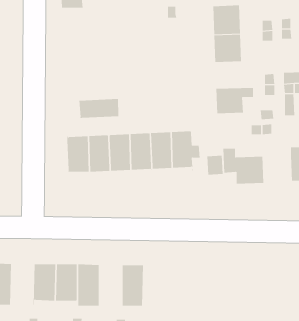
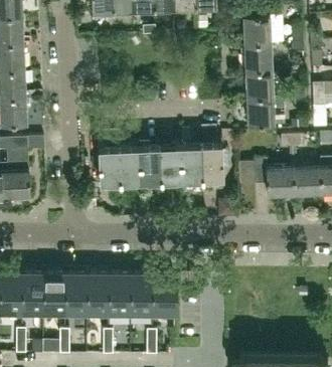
building: none -> [245,73,285,101]
building: [75,98,119,119] -> none
building: none -> [294,163,322,195]
building: none -> [42,276,65,317]
building: none -> [131,277,153,318]

